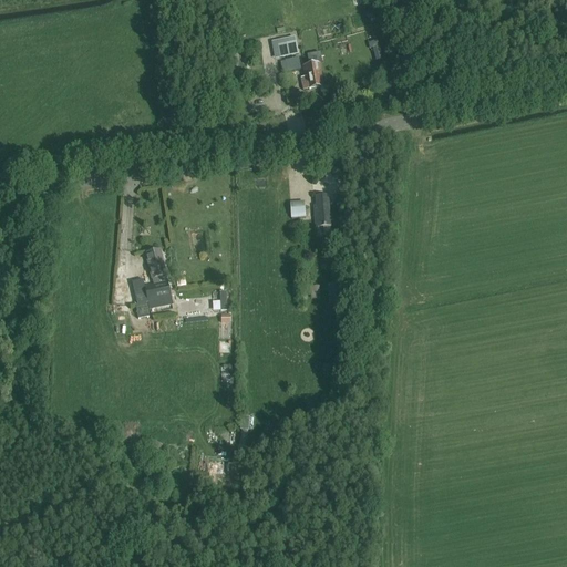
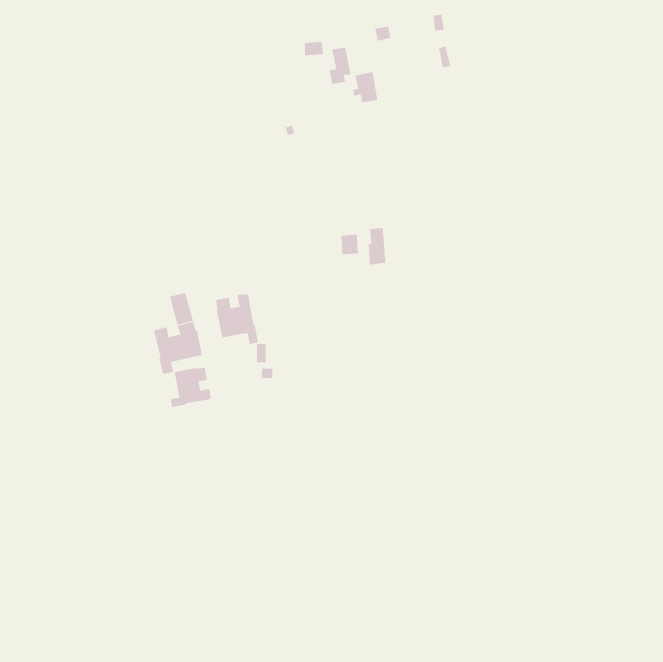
building: none -> [215,293,258,345]
building: none -> [170,367,211,408]

